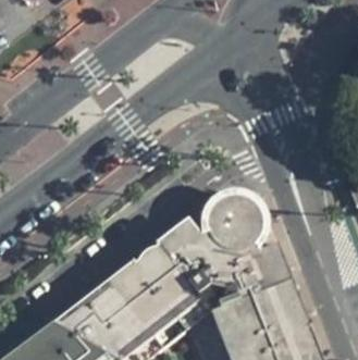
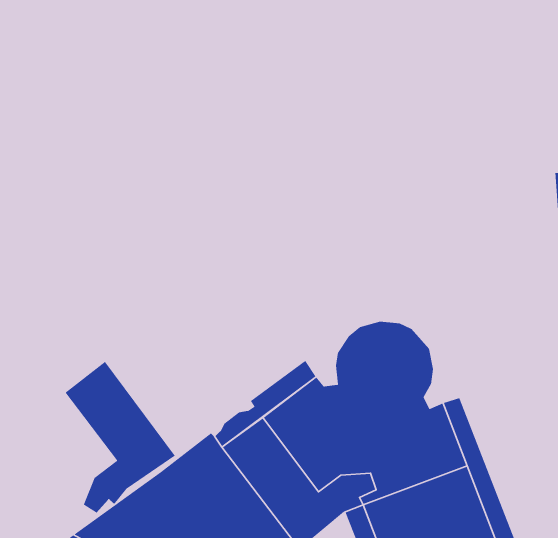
building: none -> [65,361,176,514]

